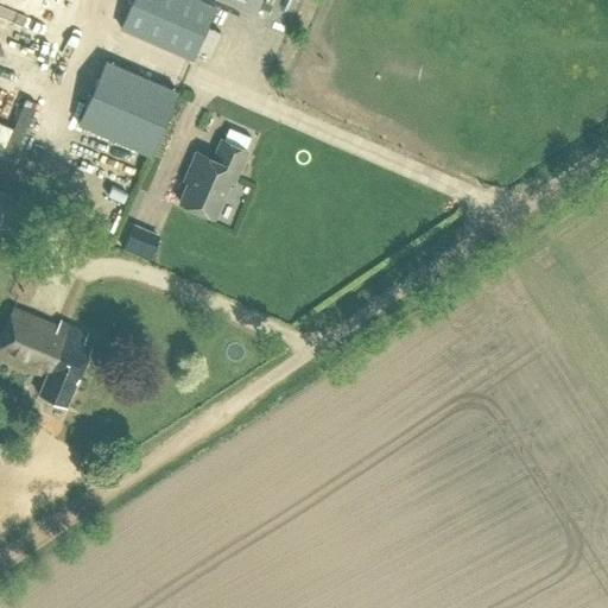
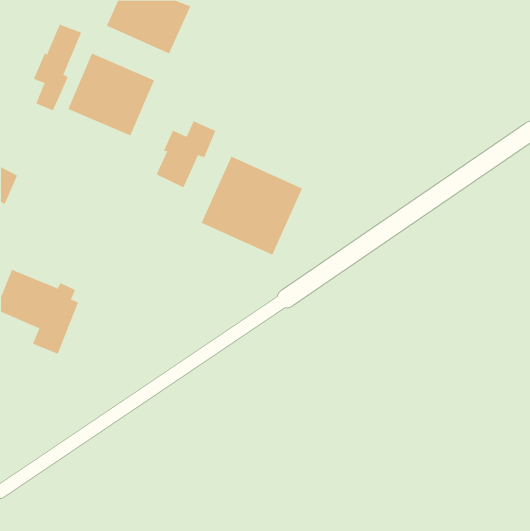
building: none -> [33,24,82,111]
building: none -> [201,156,303,255]

